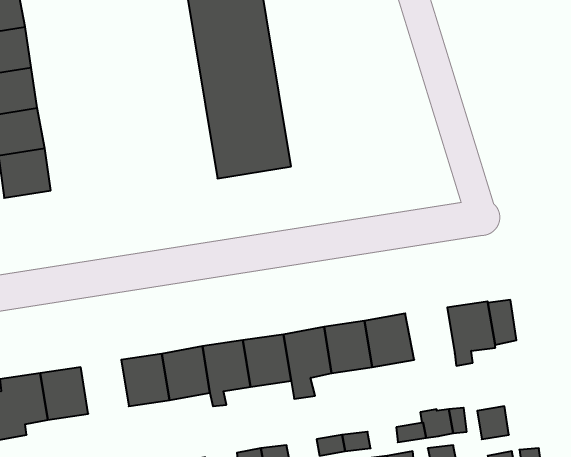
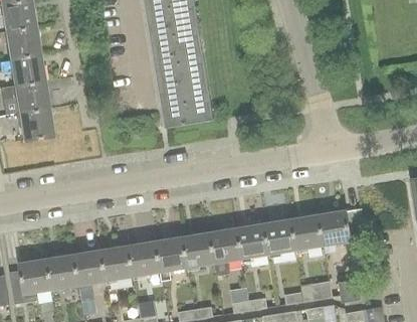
building: none -> [291,214,325,250]
building: none -> [74,250,107,301]

